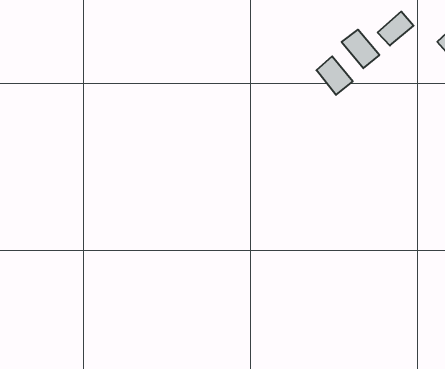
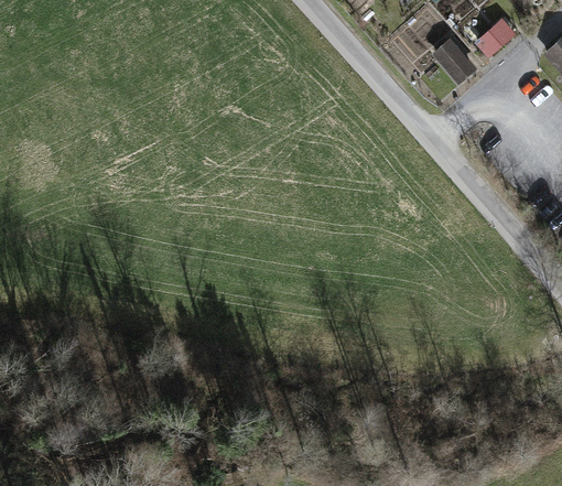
building: [316,56,353,95] -> none

